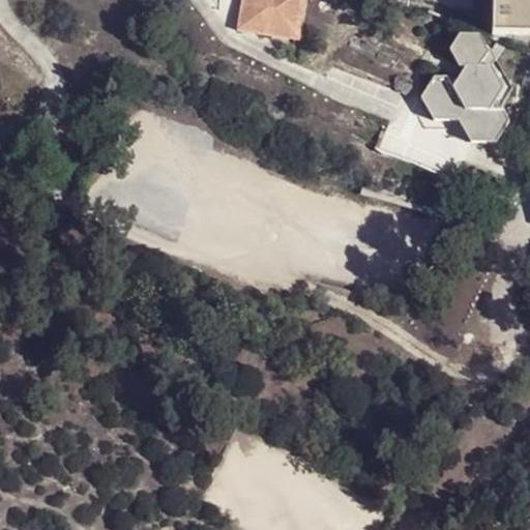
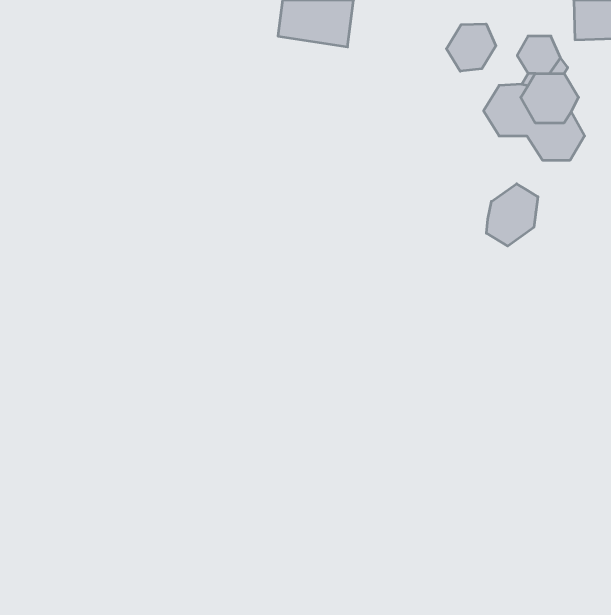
building: none -> [446,24,496,71]
building: none -> [486,184,538,246]

